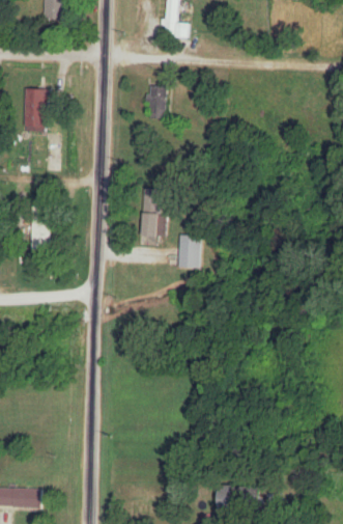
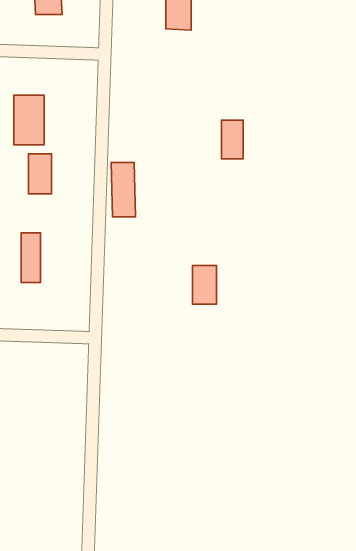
building: [146,85,165,118] -> [221,120,243,159]
building: none -> [29,154,51,194]
building: [141,189,162,236] -> [111,163,135,217]

